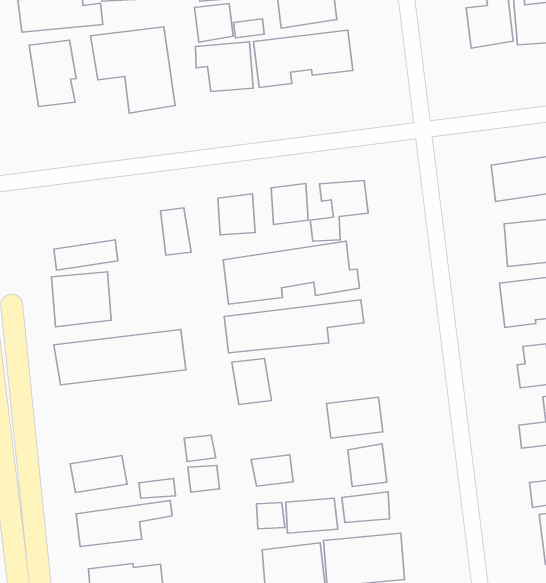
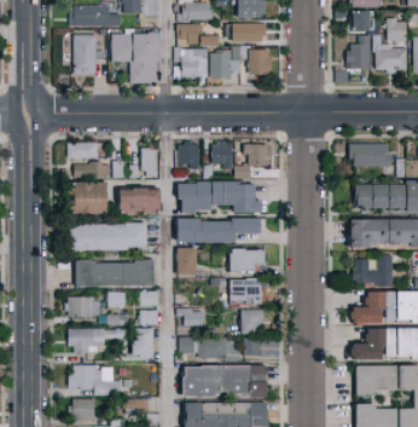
building: none -> [68,142,99,158]
building: none -> [116,187,157,213]
building: none -> [230,248,266,271]
building: none -> [74,259,153,285]
building: none -> [129,328,152,357]

